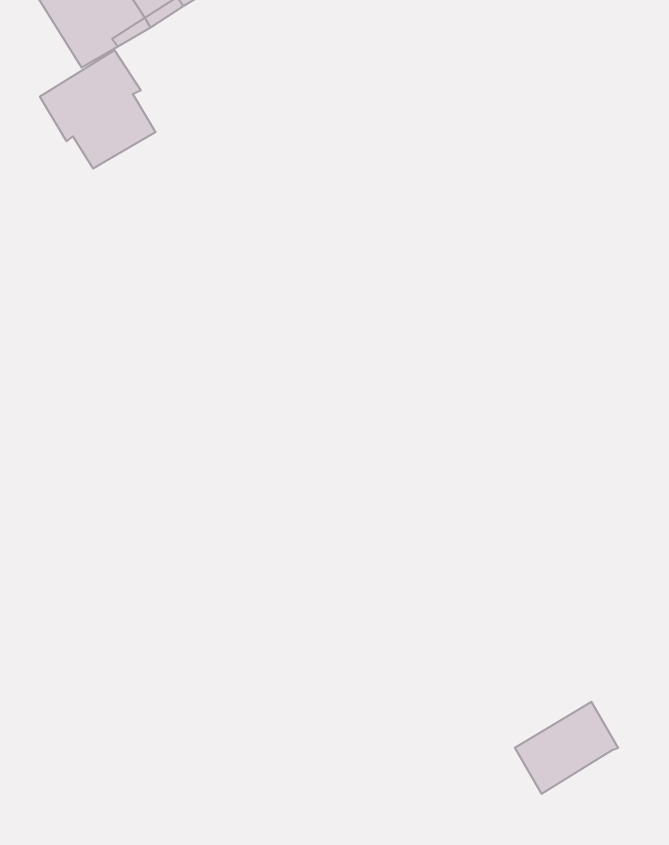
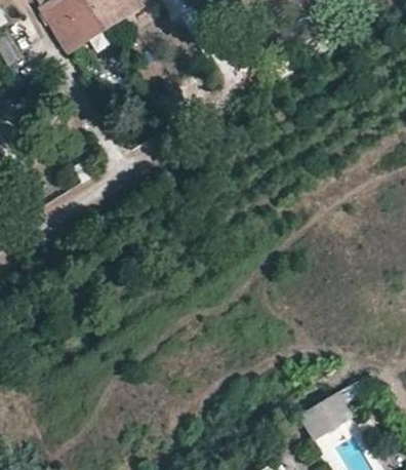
building: [40,50,155,169] -> none

